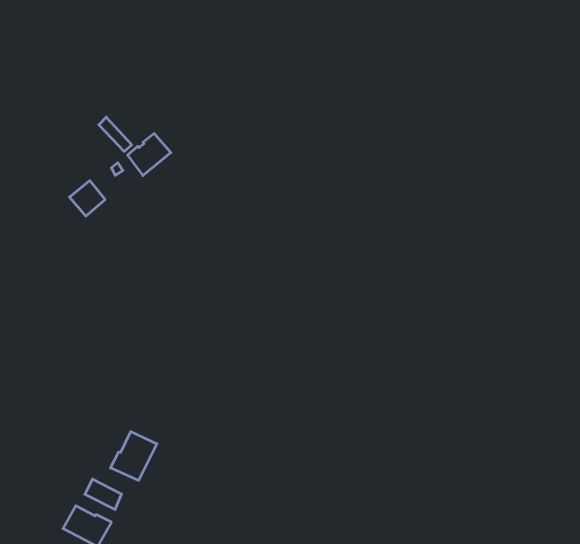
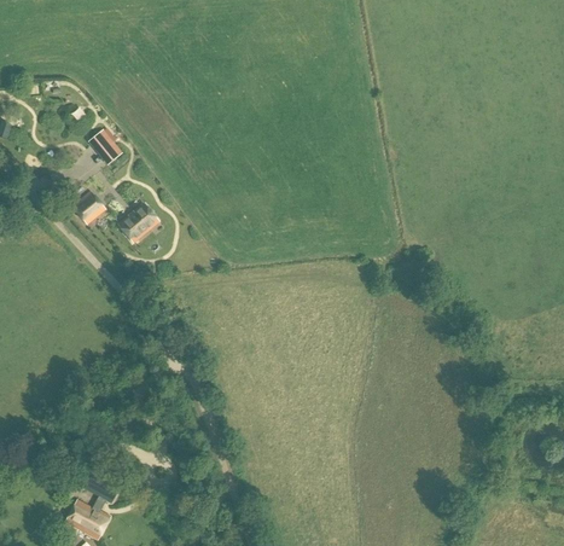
building: [128,134,171,176] -> [118,204,159,244]
building: [110,432,157,480] -> none

